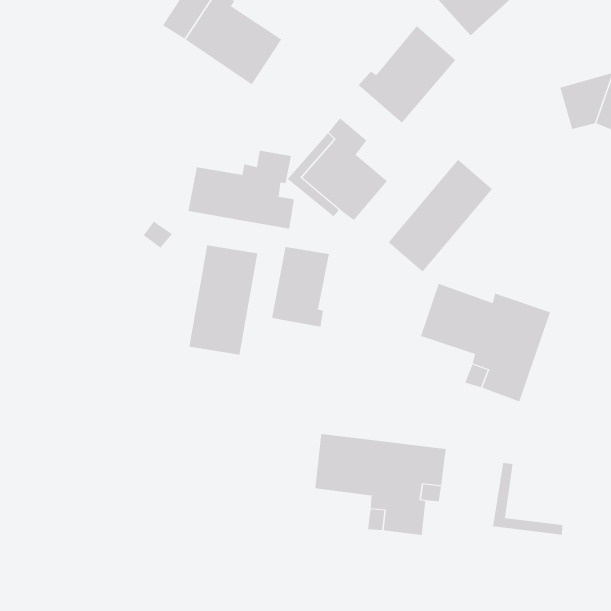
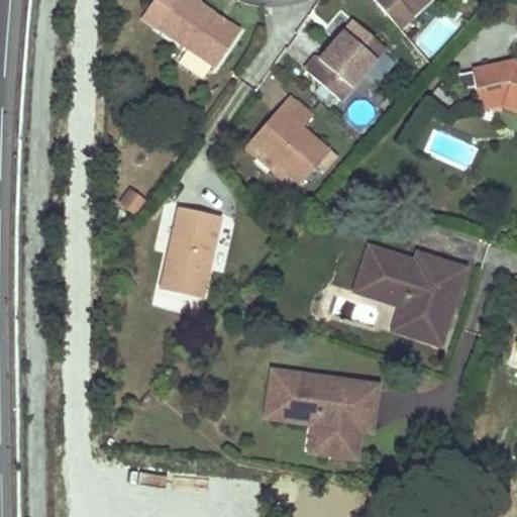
building: [188,150,295,229] -> none
building: [388,159,493,273] -> none
building: [272,246,329,327] -> none
building: [493,462,563,536] -> none

